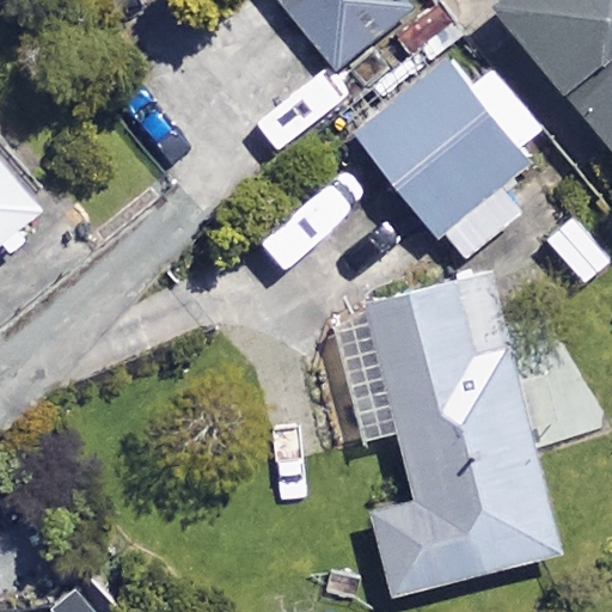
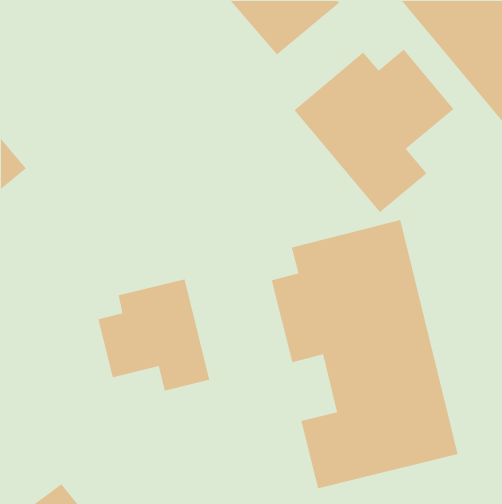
building: none -> [98,278,210,391]

